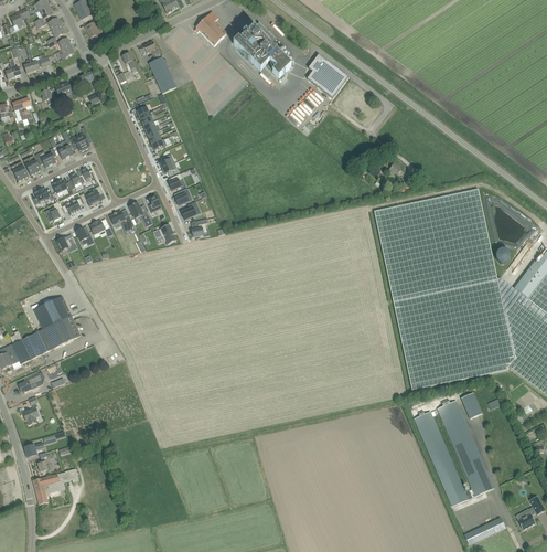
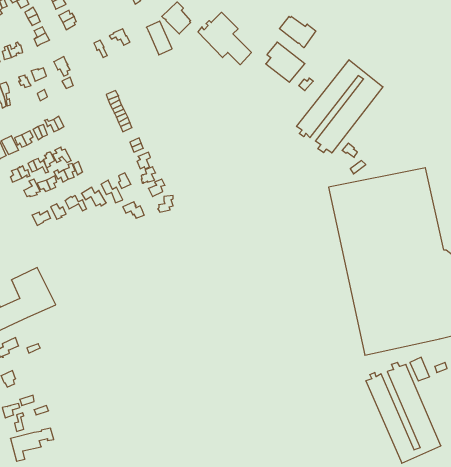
building: none -> [279,16,316,48]
building: [149,56,176,93] -> [146,21,172,55]
building: none -> [297,60,383,153]

